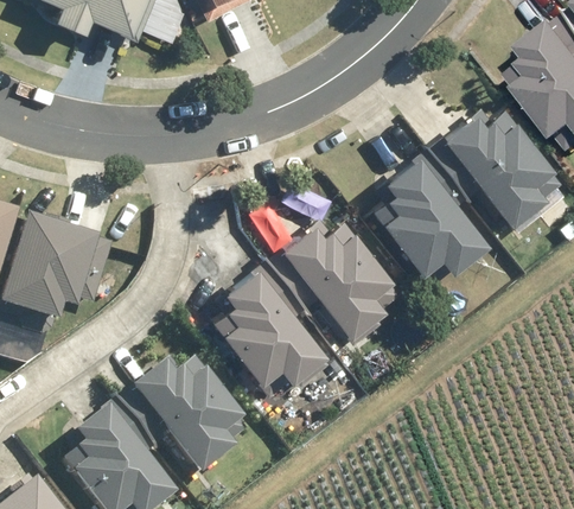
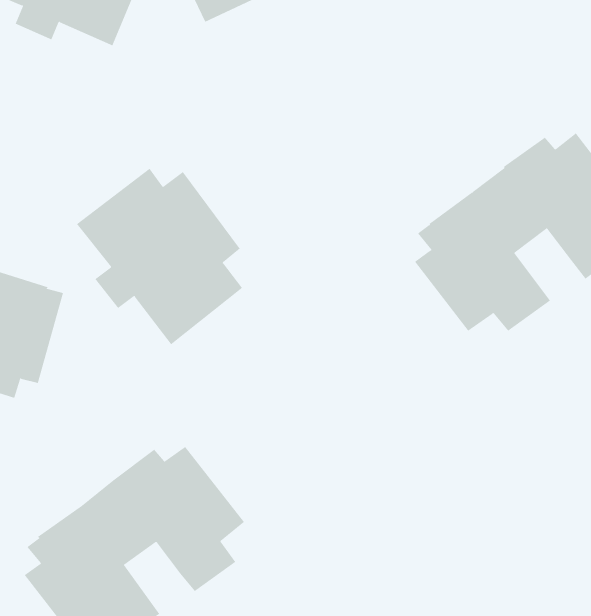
building: none -> [76,168,243,345]
building: [210,215,387,374] -> none

